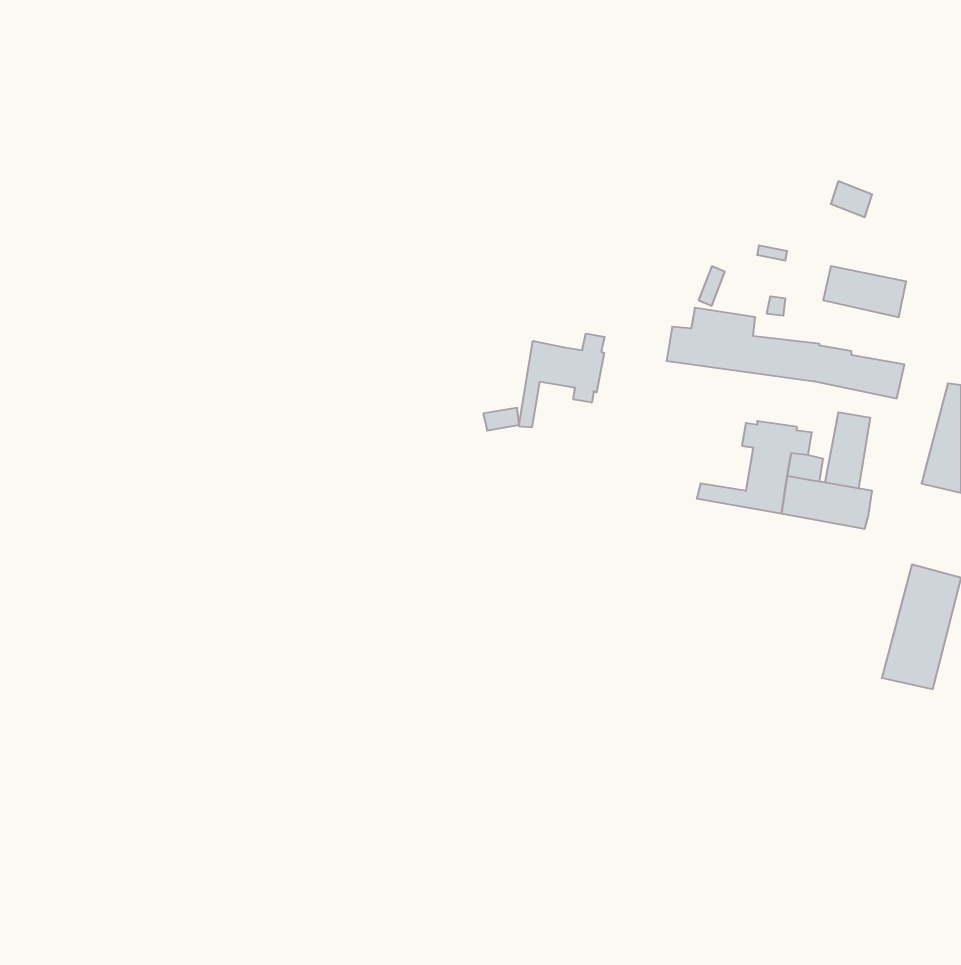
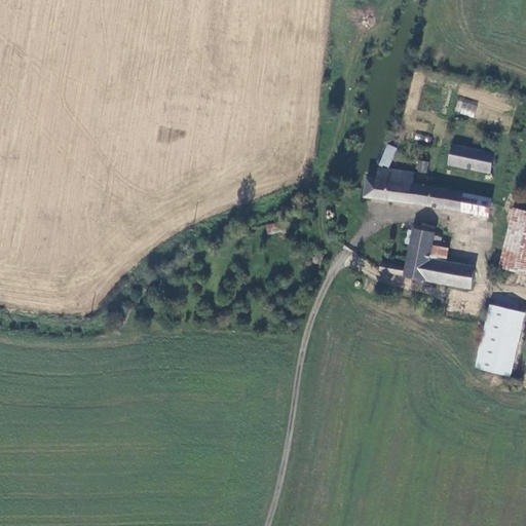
building: [519,334,604,427] -> none
building: [825,412,870,489] -> none

